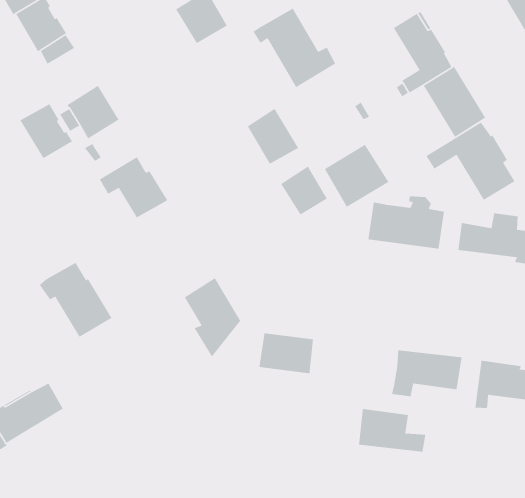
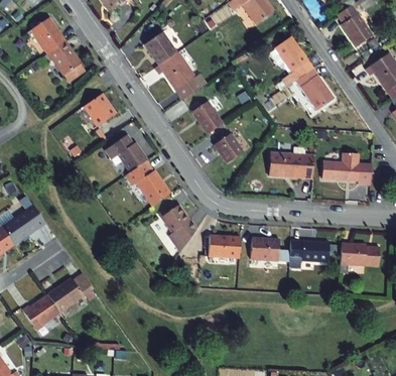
building: [252,7,336,88] -> [154,51,206,100]
building: [19,102,73,159] -> none
building: [426,122,516,201] -> none
building: [324,144,389,208] -> none
building: [39,262,113,338] -> [125,160,170,206]
building: [358,408,426,453] -> [250,237,290,261]

